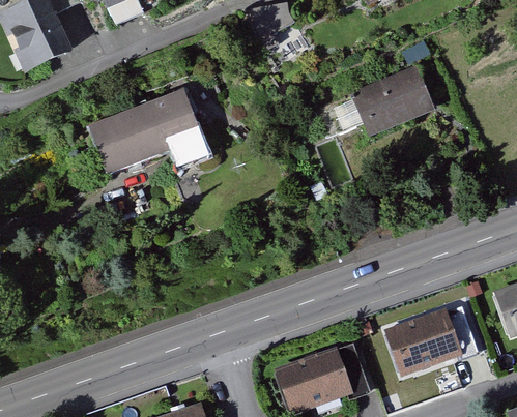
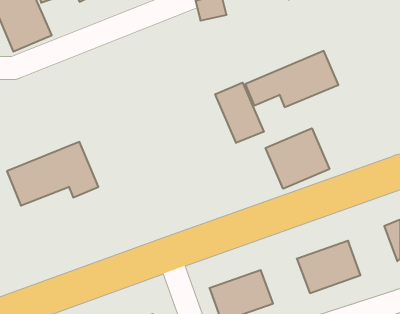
building: [90,92,206,173] -> [7,142,98,206]
building: none -> [215,83,264,143]
building: none -> [266,128,329,189]

